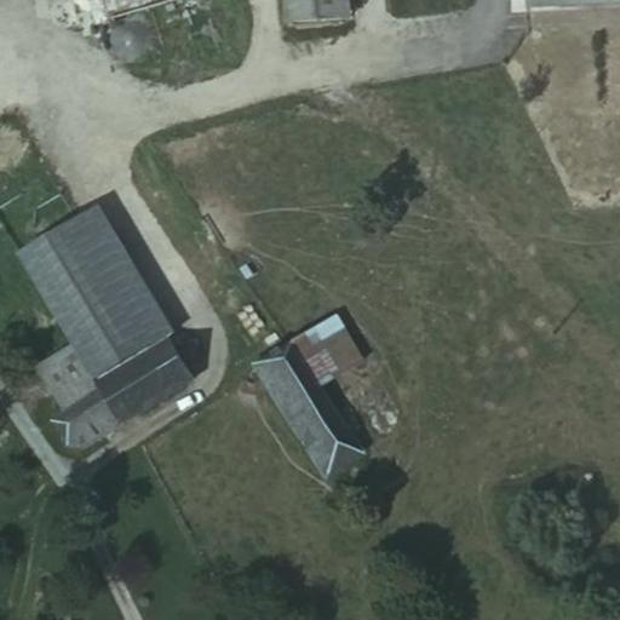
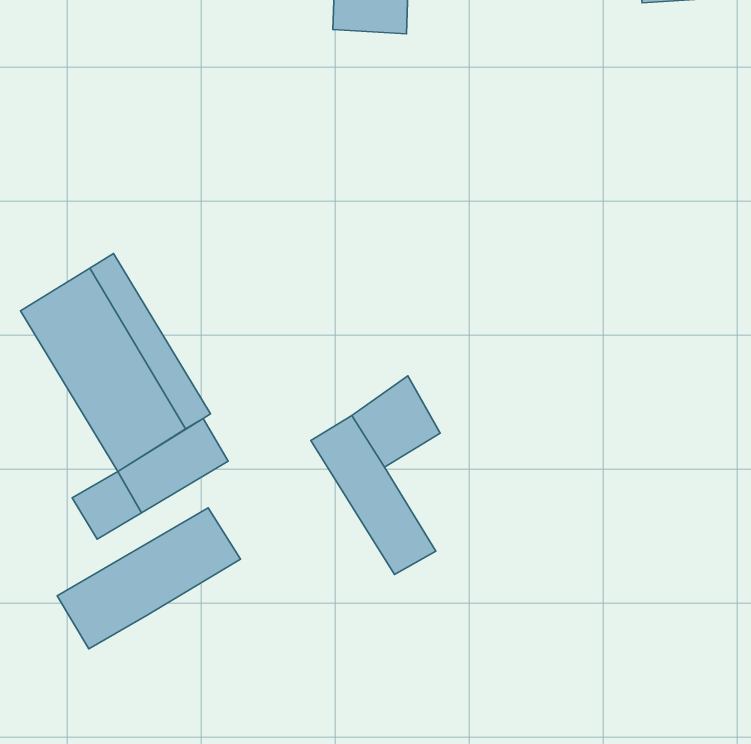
building: [35,344,98,409] -> none
building: none -> [57,508,241,649]

